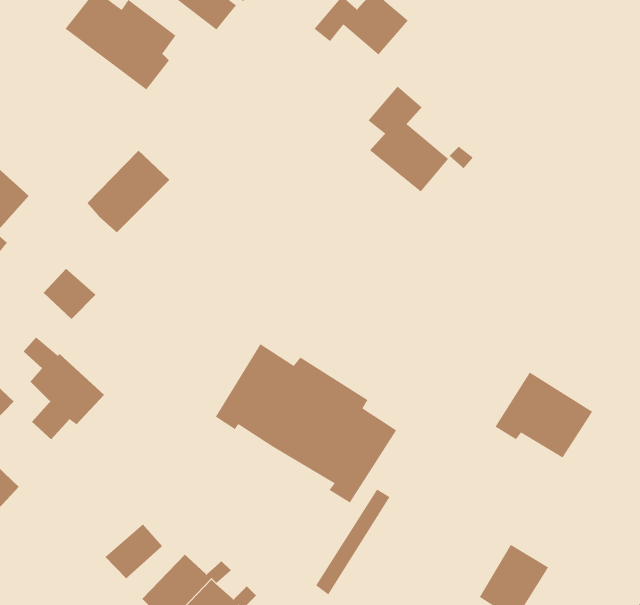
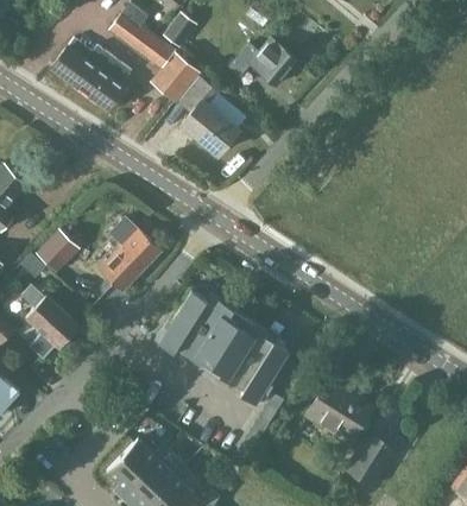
building: none -> [152,53,198,101]
building: [367,85,449,192] -> [179,78,238,154]
building: [87,150,170,233] -> [101,228,160,287]
building: [495,371,593,458] -> [304,378,374,439]
building: [104,524,163,579] -> none

